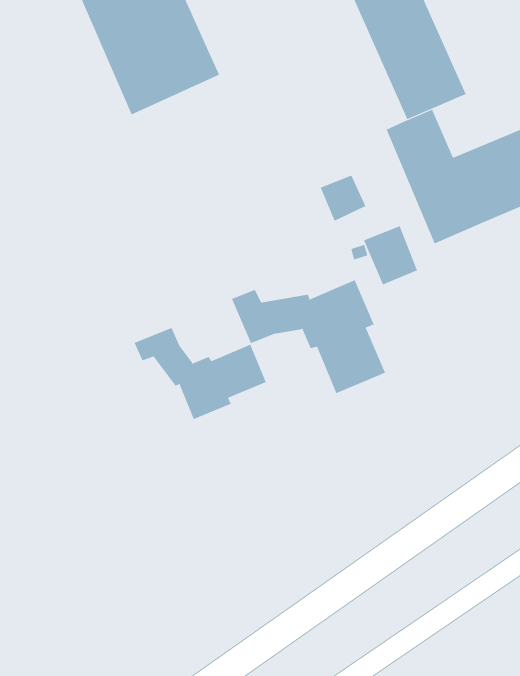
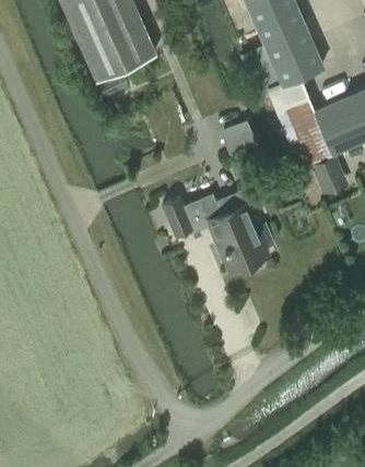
building: [363,226,418,285] -> [310,155,348,195]
building: [134,327,267,420] -> none

